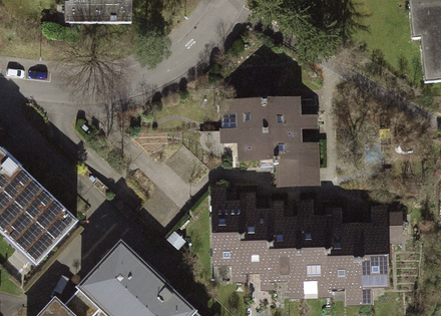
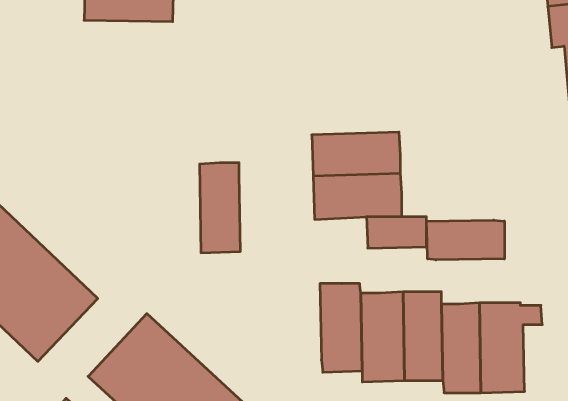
building: none -> [426,220,504,260]
building: [212,201,243,267] -> [200,163,240,253]

